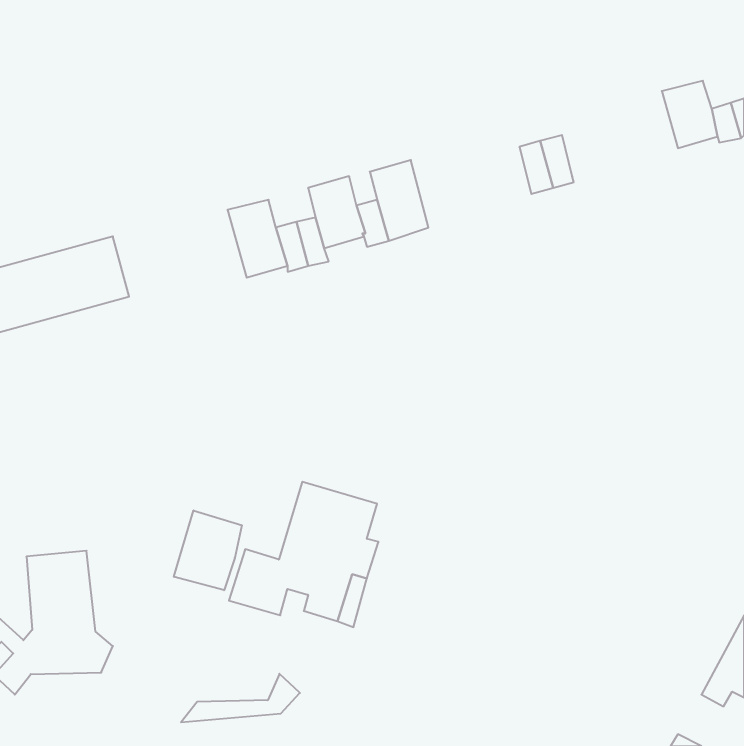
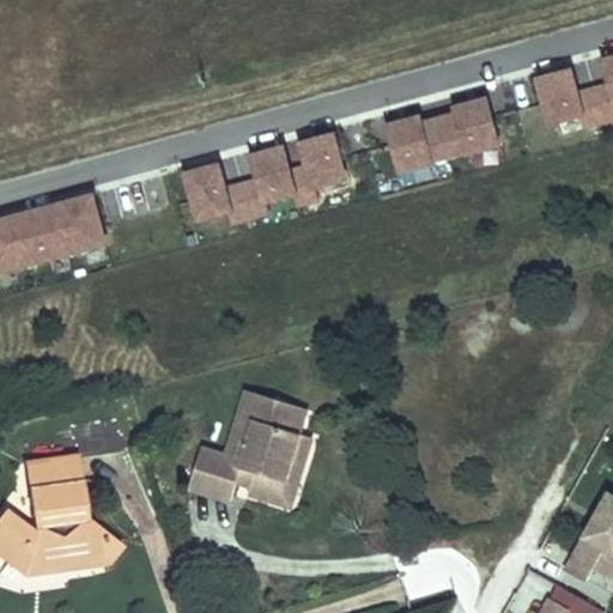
building: none -> [456,96,500,144]
building: none -> [389,114,435,170]
building: [174,510,242,590] -> none
building: [181,674,300,722] -> [12,527,109,566]

